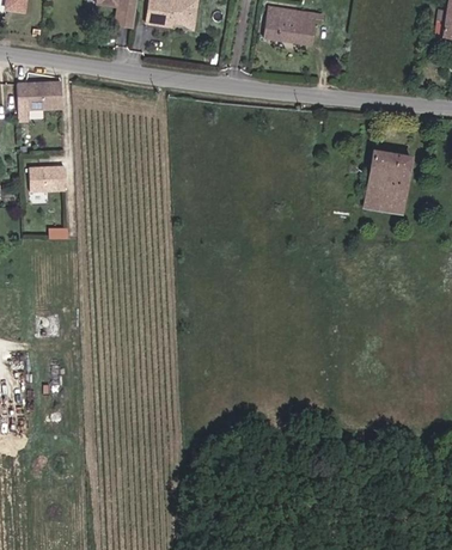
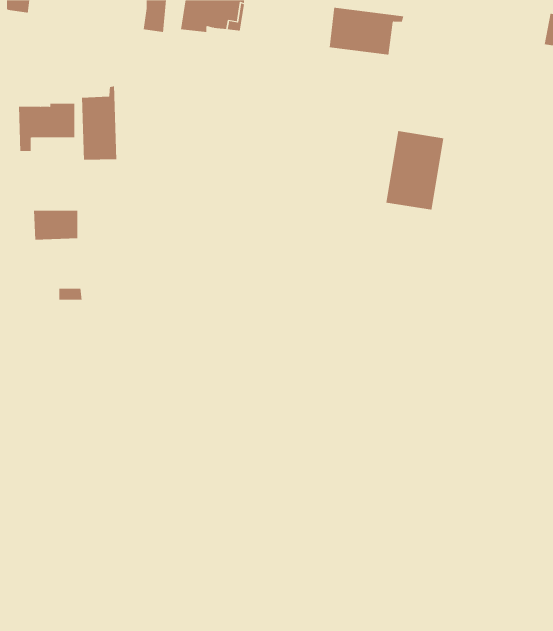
building: none -> [81,86,117,160]
building: [365,151,411,214] -> [385,130,444,210]

